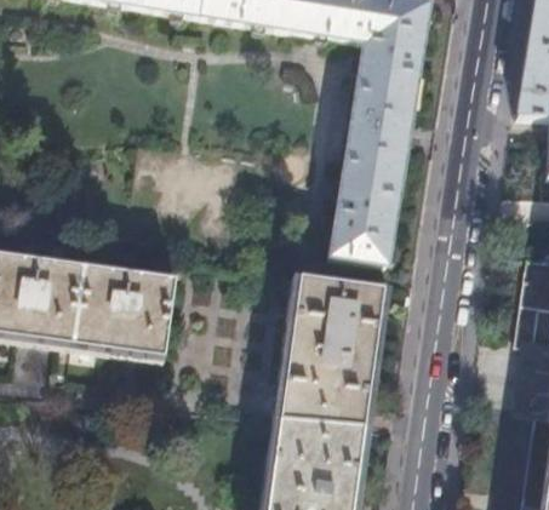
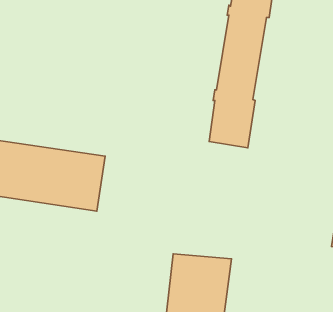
building: [279,275,385,426] -> none

